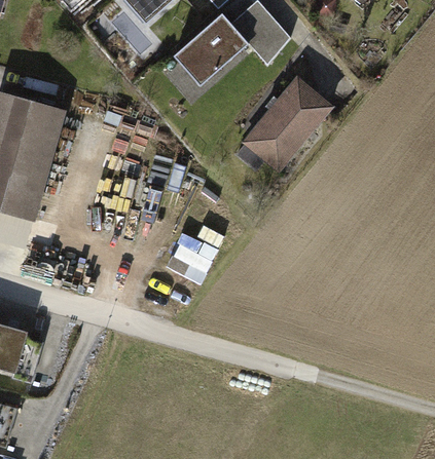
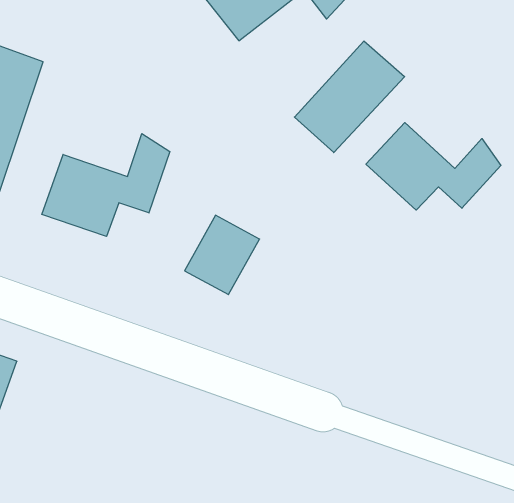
building: none -> [366,123,501,210]
building: none -> [42,134,170,236]

